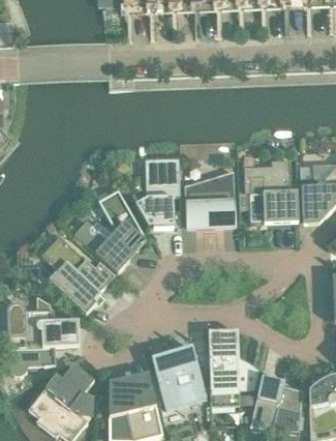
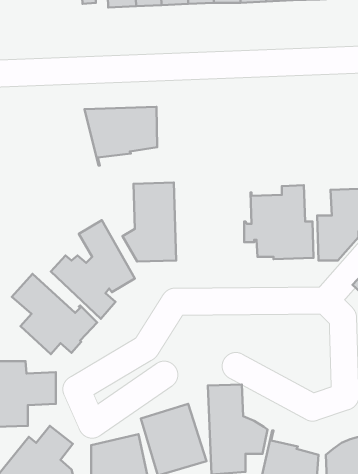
building: none -> [84,107,157,166]
building: [184,171,236,229] -> none

